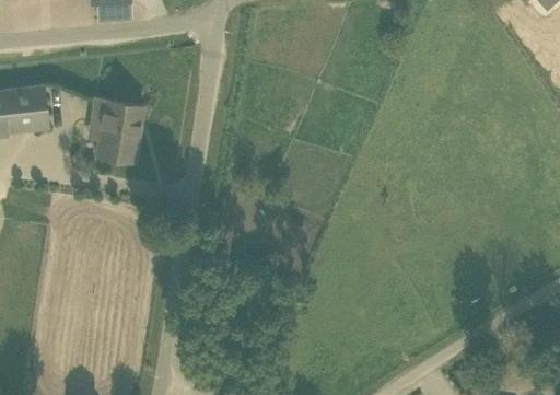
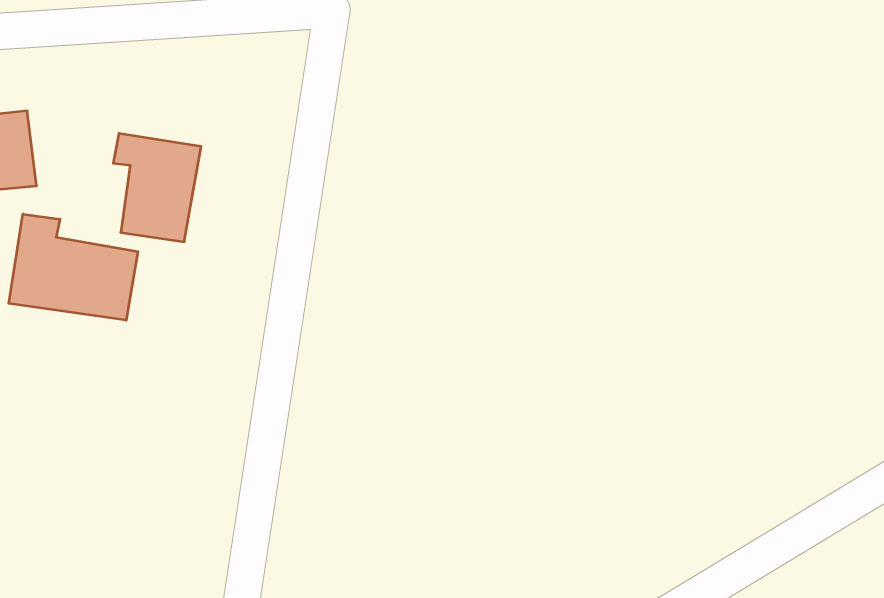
building: none -> [9,214,138,320]

